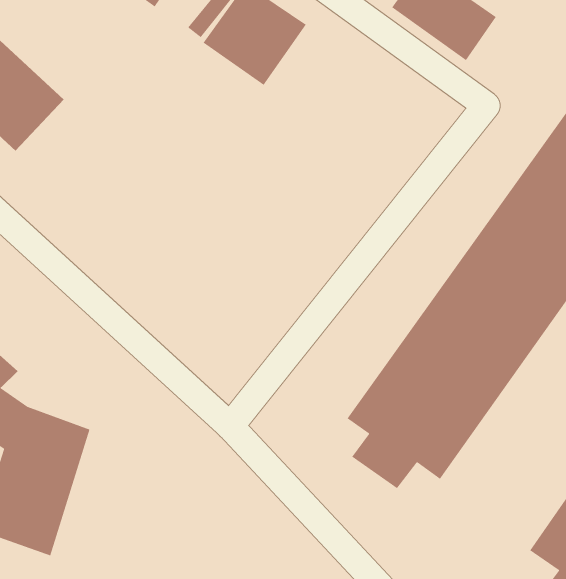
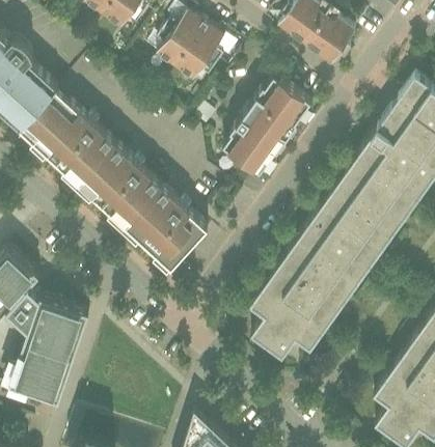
building: none -> [225,80,306,170]
building: none -> [27,92,206,264]

